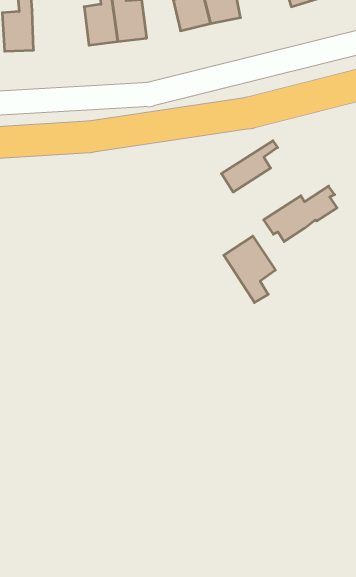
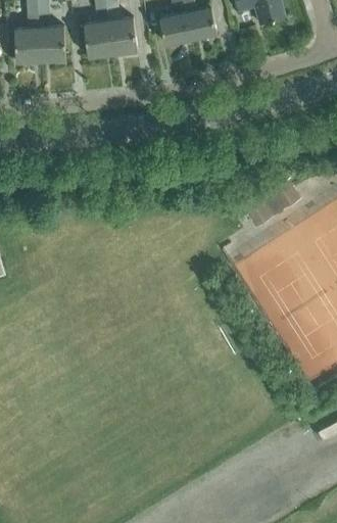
building: none -> [40,27,65,61]
building: [221,141,278,192] -> none
building: [224,236,275,303] -> none

